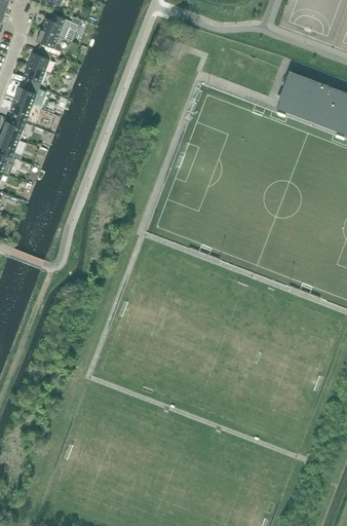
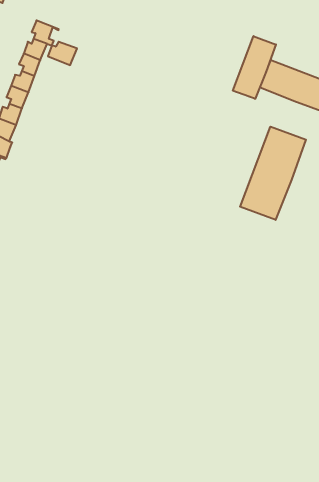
building: [41,15,72,40] -> [48,42,77,65]
building: none -> [233,36,276,99]
building: none -> [240,127,306,220]

